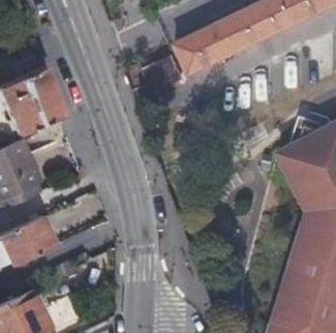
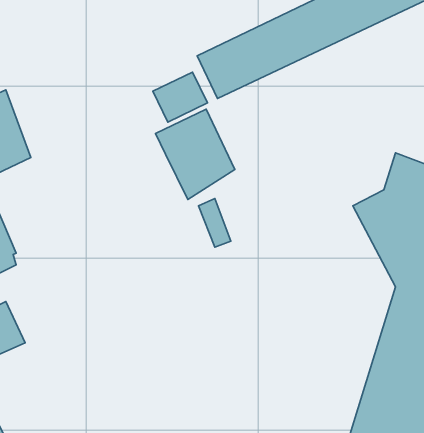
building: none -> [156,109,235,199]

